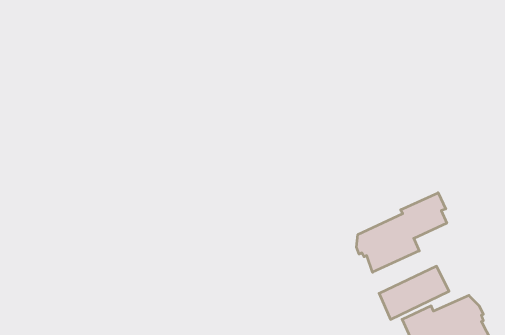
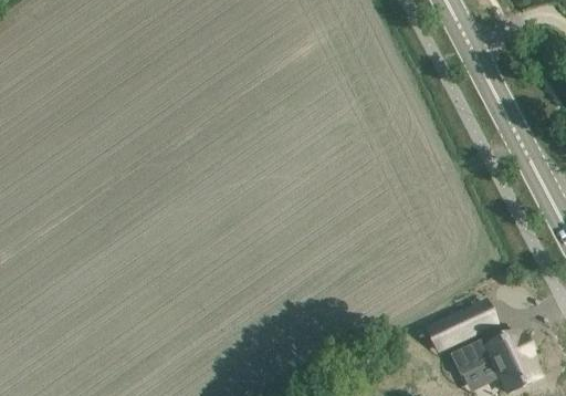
building: [356,193,447,272] -> none

